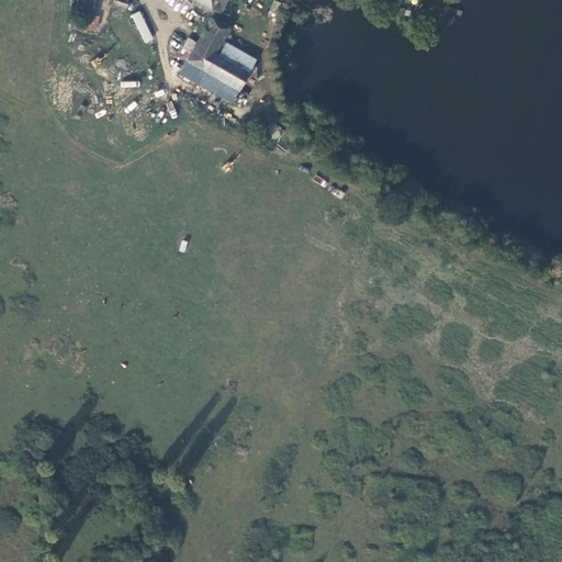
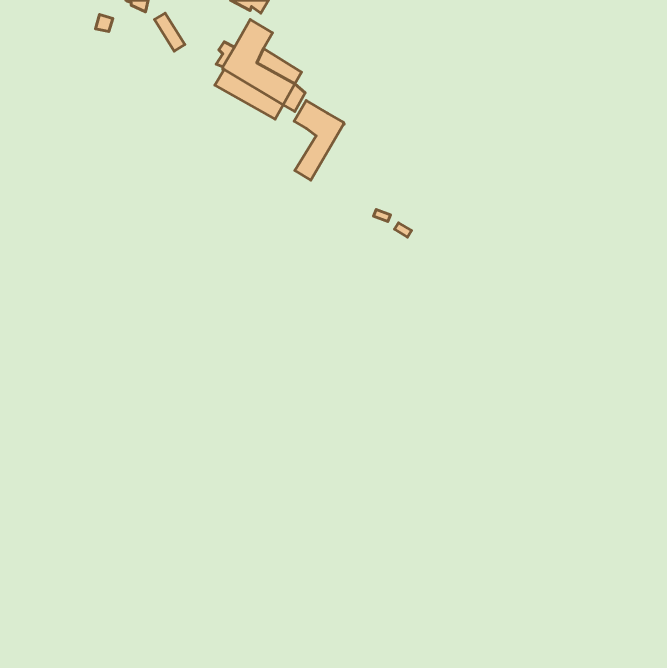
building: none -> [294,100,344,180]

